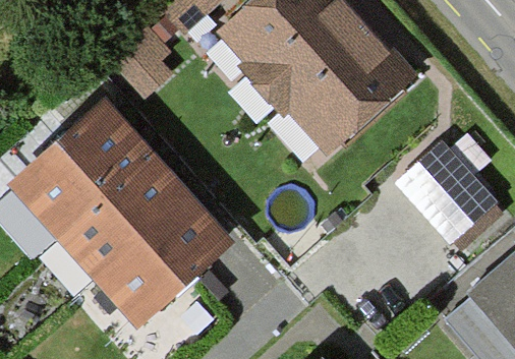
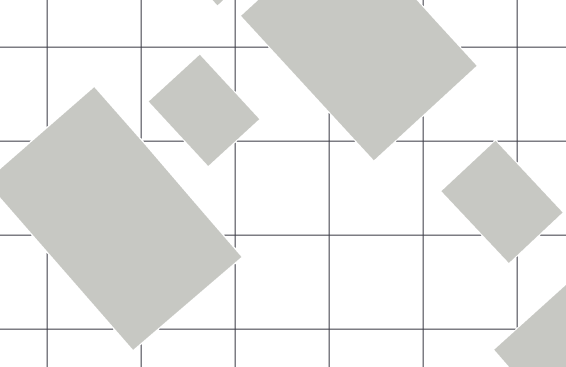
building: none -> [148,54,260,167]

